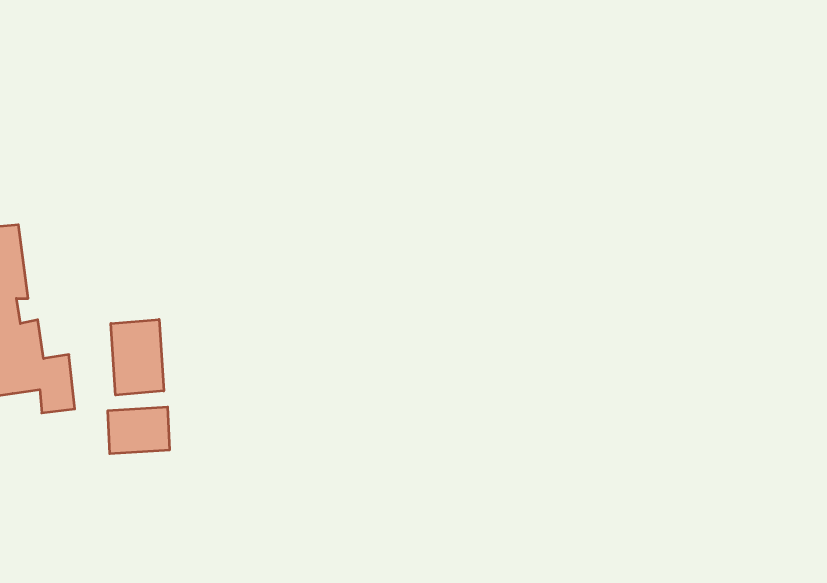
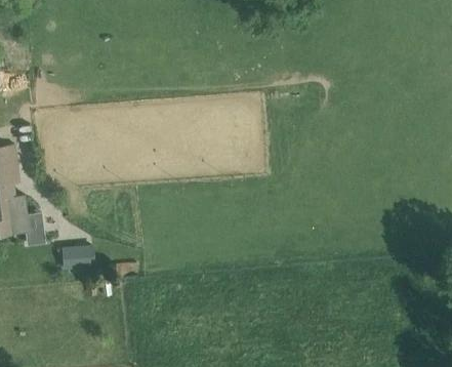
building: [111,319,164,395] -> none

